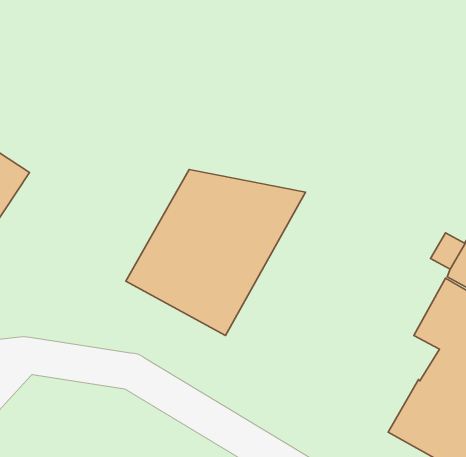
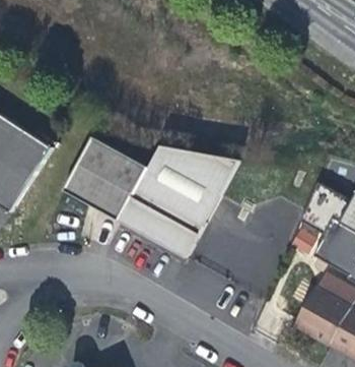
building: none -> [63,137,148,222]

